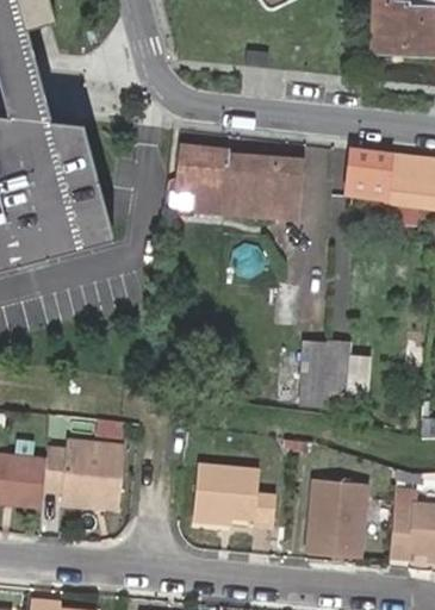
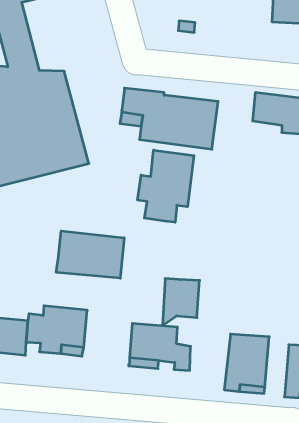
building: none -> [138,150,194,222]
building: none -> [56,231,124,278]
building: [298,341,348,404] -> [162,279,200,326]

